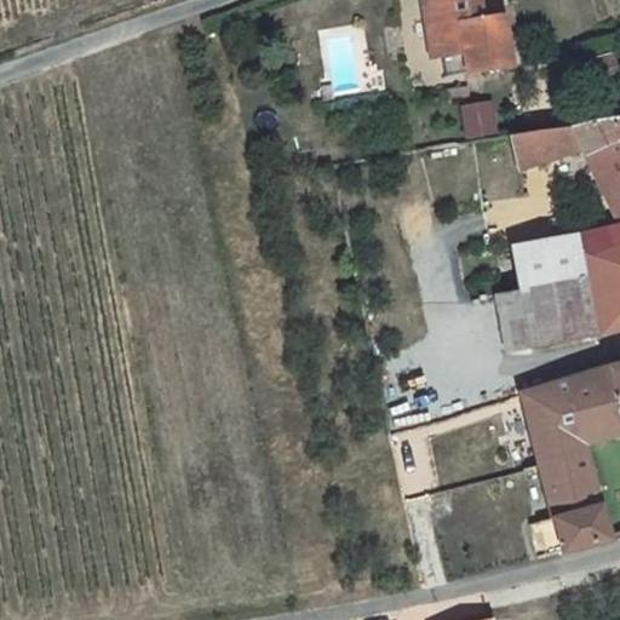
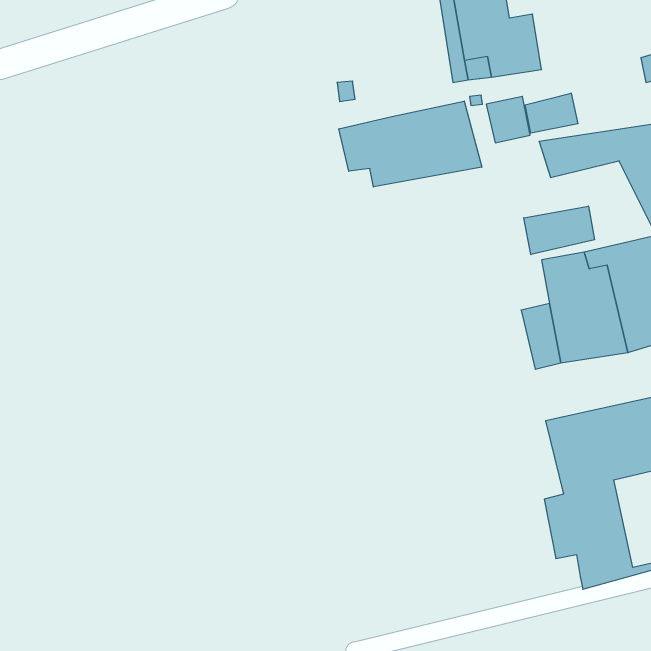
building: none -> [525,93,578,133]
building: none -> [339,101,482,187]
building: none -> [524,206,594,255]

